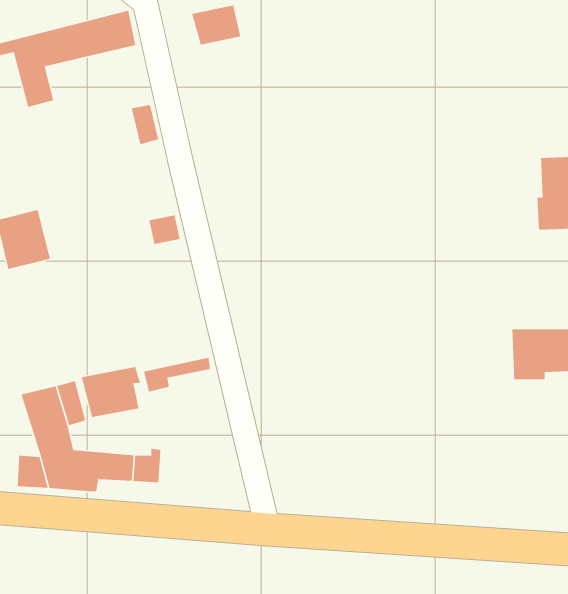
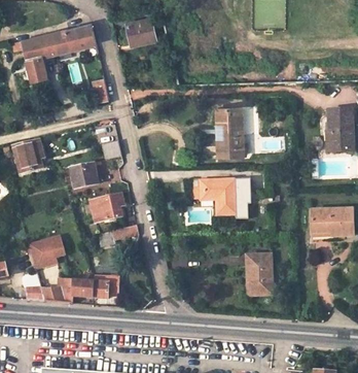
building: none -> [215,105,243,154]
building: none -> [71,162,98,188]
building: none -> [190,179,248,218]
building: [81,366,141,418] -> [88,192,123,222]
building: none -> [245,250,271,292]

